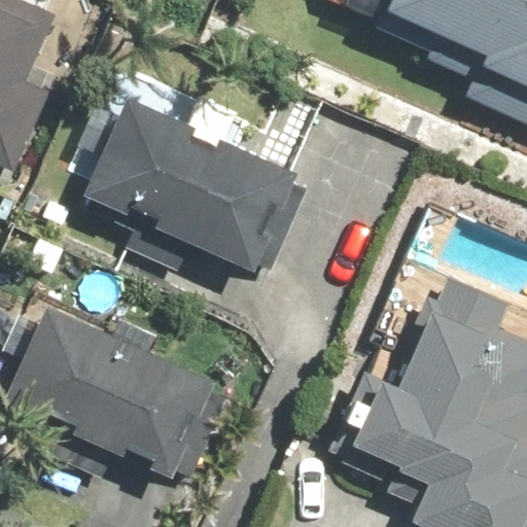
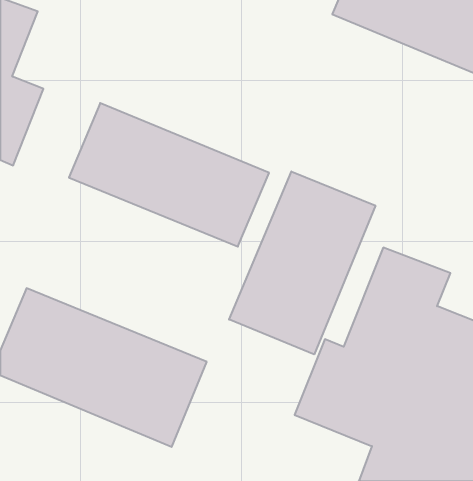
building: none -> [229,171,375,354]

